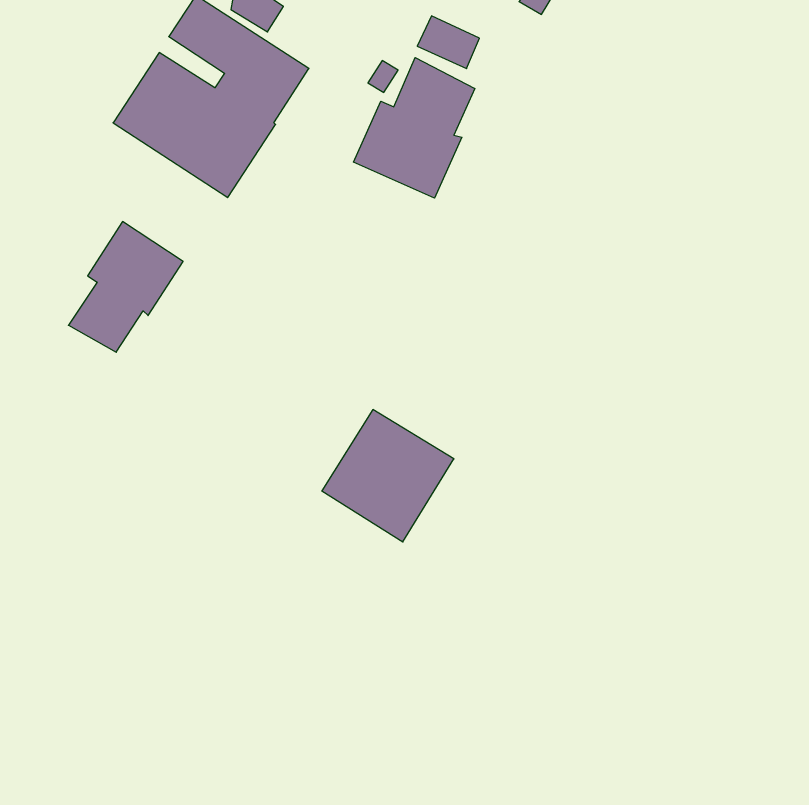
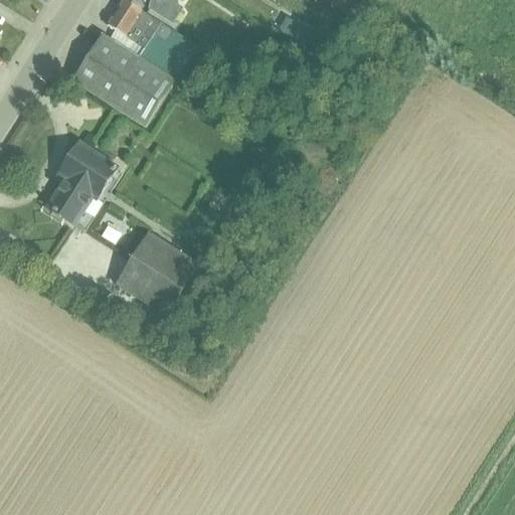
building: [353,58,475,198] -> none
building: [322,410,454,542] -> [114,230,197,314]

